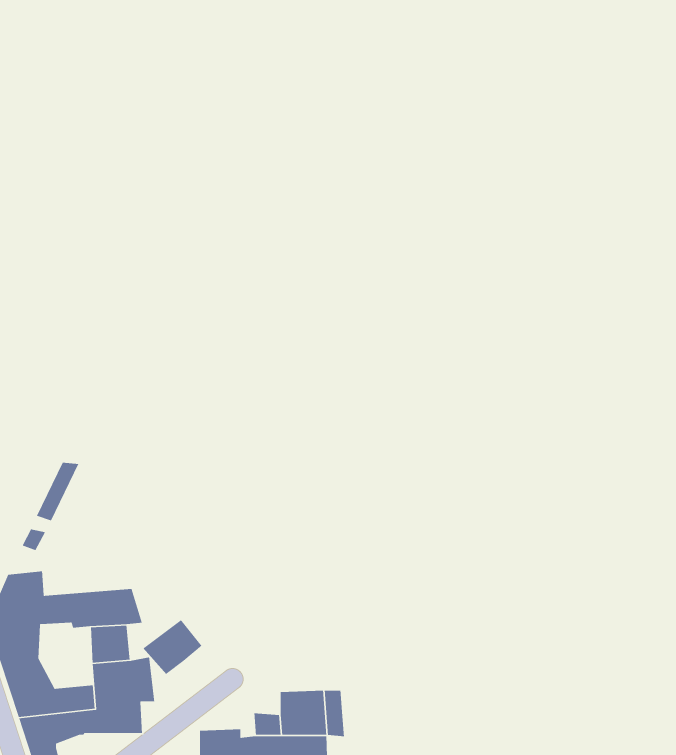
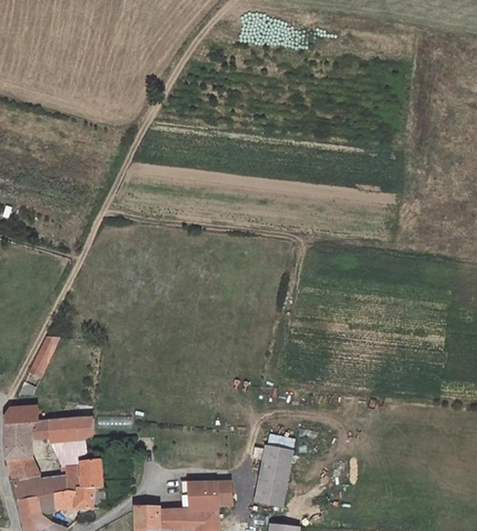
building: [143,619,202,675] -> none
building: none -> [250,442,284,503]

